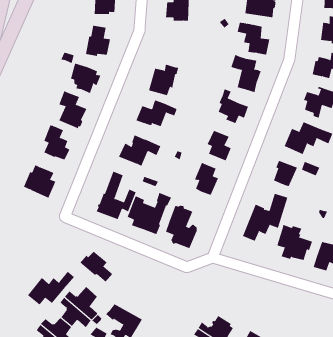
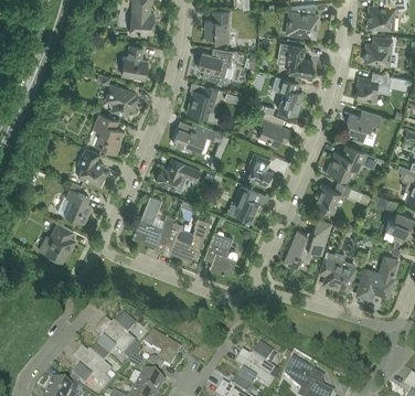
building: none -> [199,49,234,85]
building: none -> [40,224,75,263]
building: [80,251,113,282] -> none
building: [27,271,75,306] -> none

